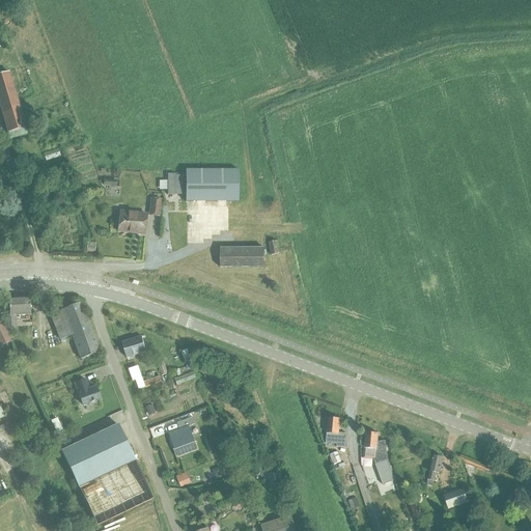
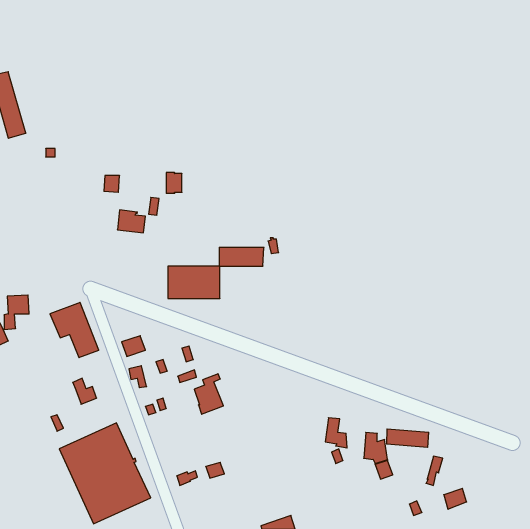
building: [185,168,236,200] -> [168,266,220,298]
building: [168,416,197,456] -> [194,374,223,414]
building: none -> [387,429,429,447]

